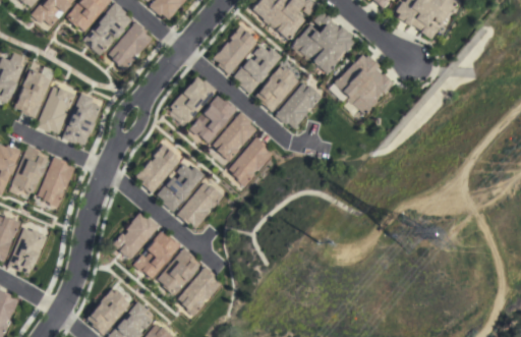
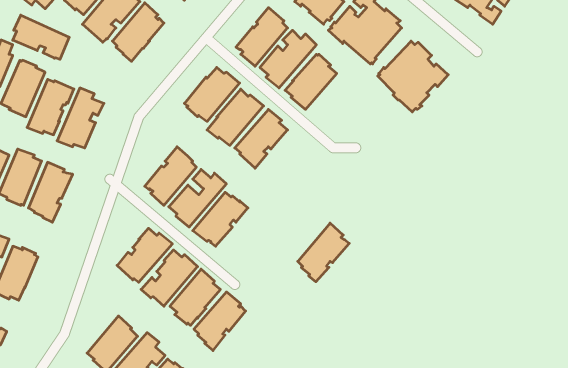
building: none -> [13,15,69,59]
building: [276,82,323,128] -> none
building: [229,136,273,186] -> [298,223,349,282]

